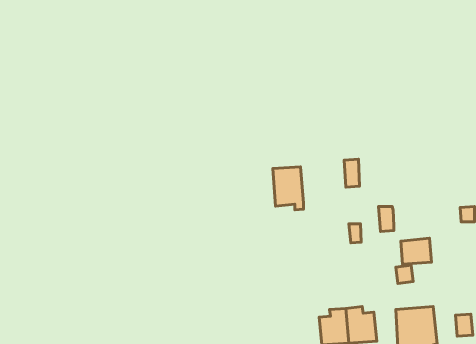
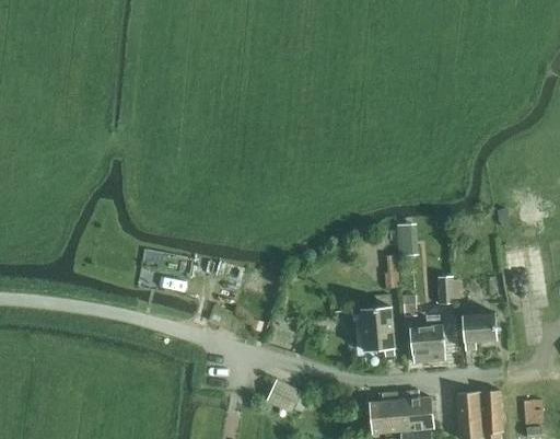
building: [273,167,303,210] -> [360,307,395,356]
building: none -> [409,324,445,365]
building: none -> [266,381,300,413]

